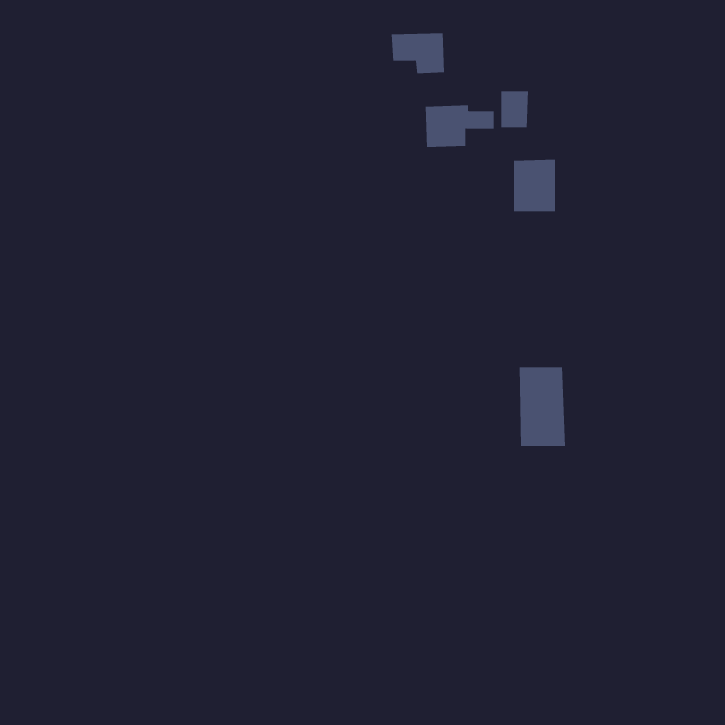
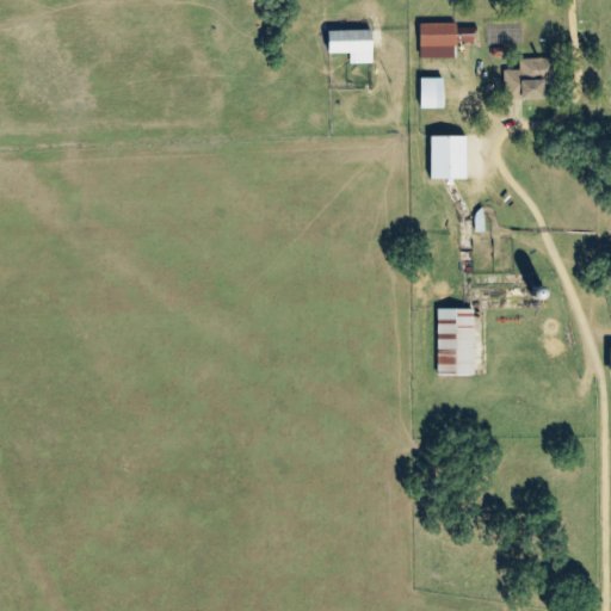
building: none -> [502,56,554,99]
building: [425,105,494,148] -> [419,21,477,57]

